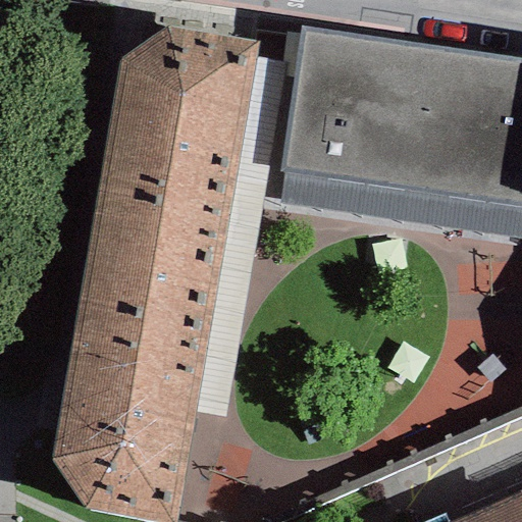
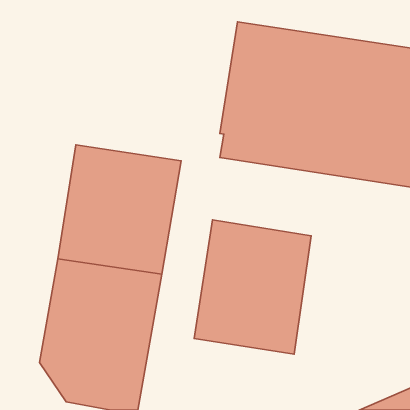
building: [98,27,259,204] -> none
building: none -> [194,220,311,354]

